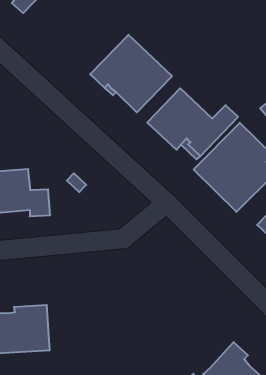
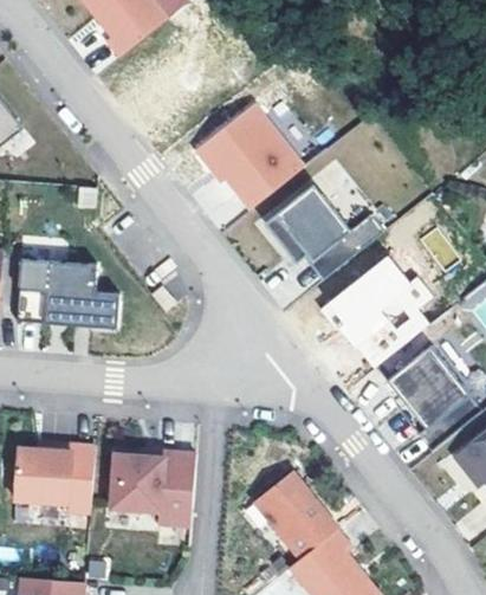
building: none -> [111,452,196,526]
building: none -> [253,473,337,561]

